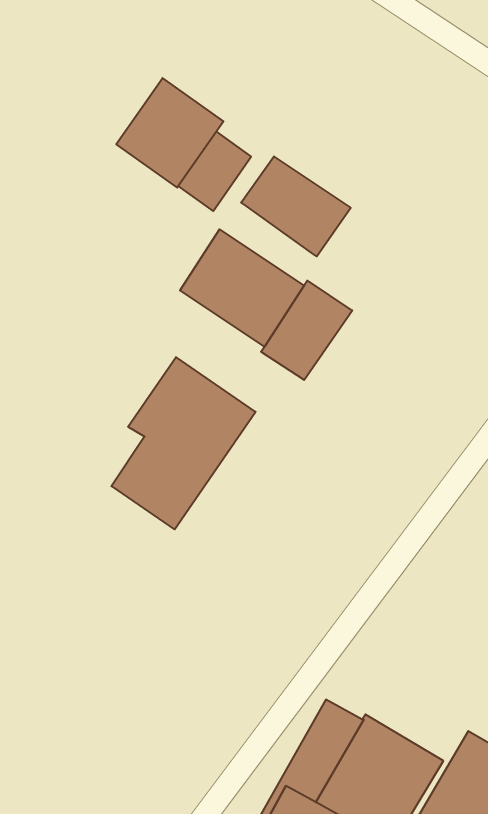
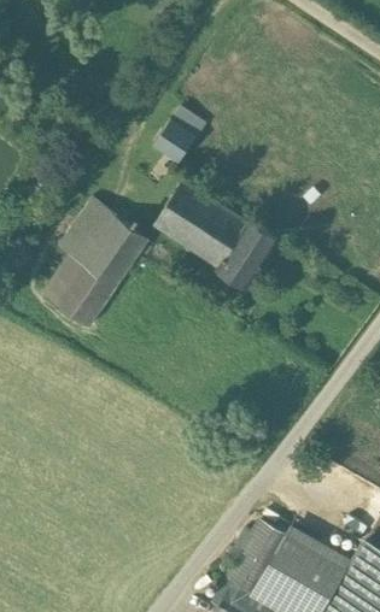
building: [116,78,223,188] -> none
building: [241,156,351,256] -> none
building: [111,357,256,529] -> [45,198,150,323]

